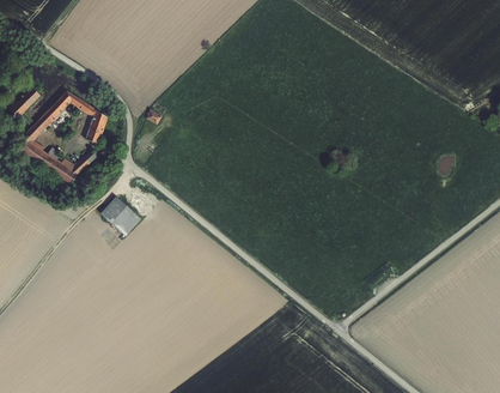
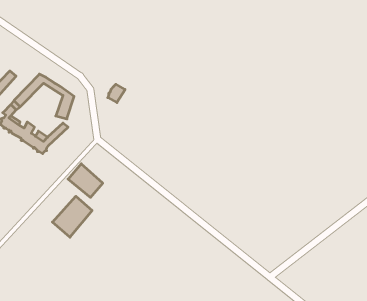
building: none -> [52,196,92,237]

